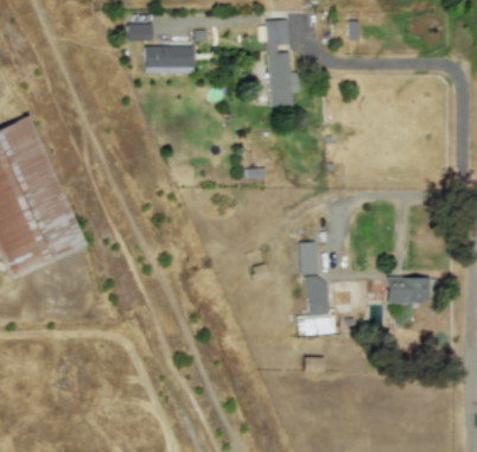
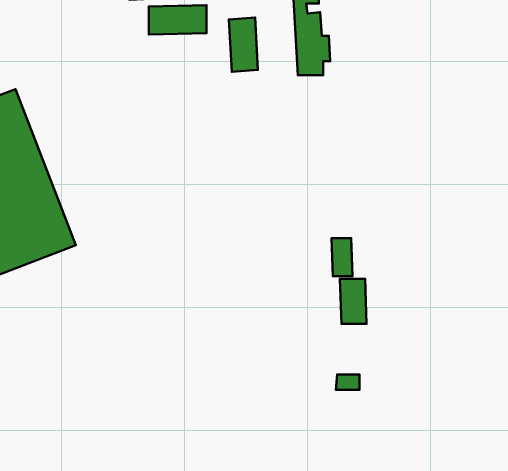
building: none -> [229,17,258,72]
building: [386,276,430,303] -> none
building: [299,316,335,335] -> none

